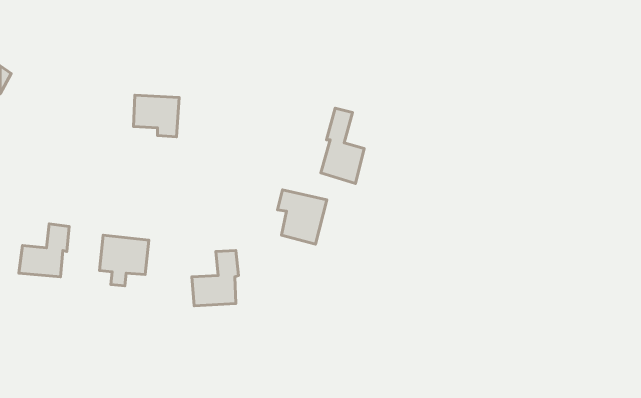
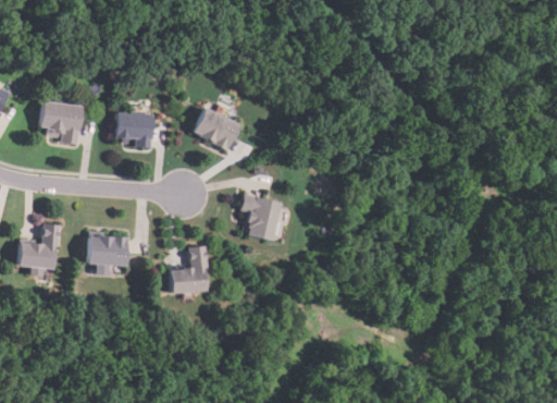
building: none -> [40,101,84,145]
building: none -> [194,107,240,150]
building: [321,108,364,184] -> none

